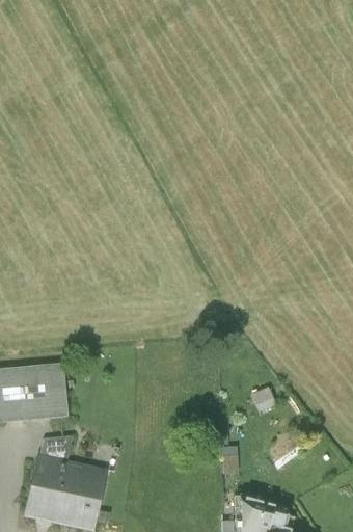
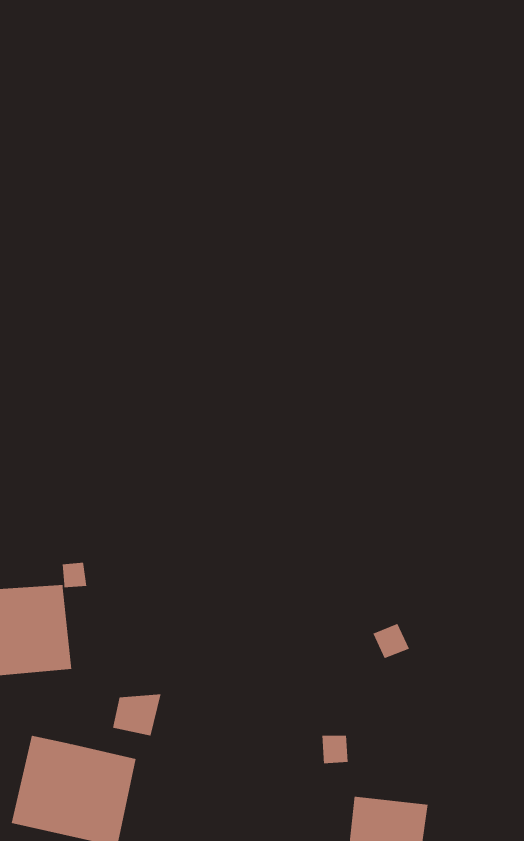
building: [42,436,72,462] -> [112,694,161,736]

